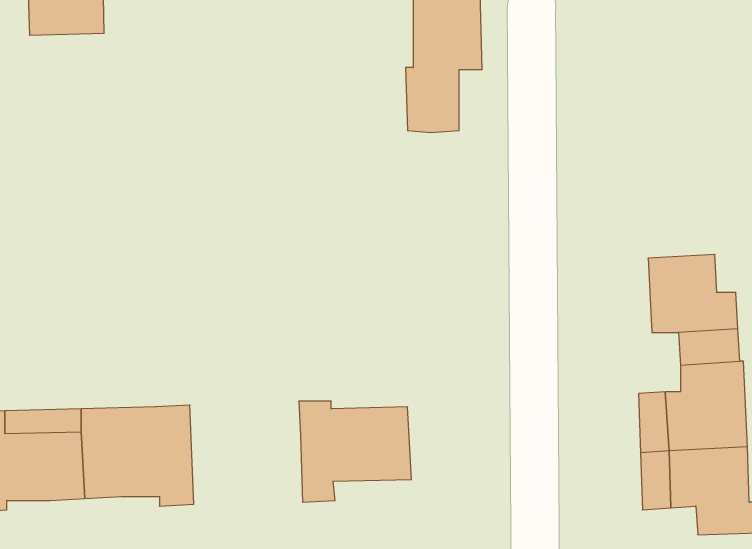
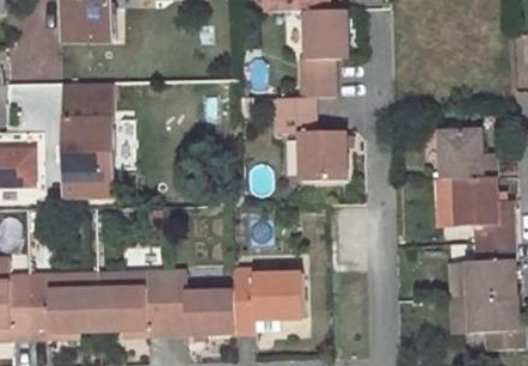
building: none -> [65,80,113,191]
building: none -> [280,97,346,181]
building: none -> [437,128,493,177]
building: none -> [165,269,235,331]

